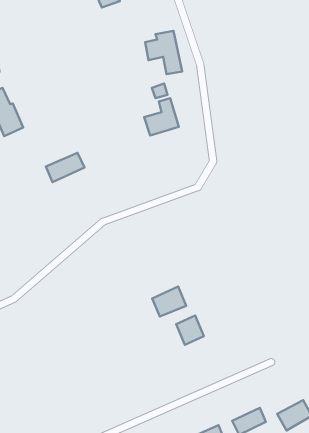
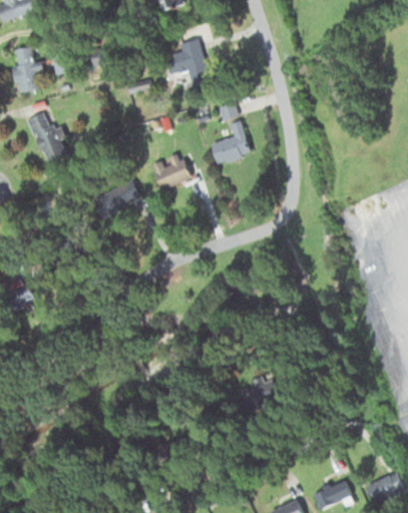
building: [145,31,182,74] -> [168,41,212,91]
building: none -> [151,150,192,189]
building: [152,286,186,317] -> none

